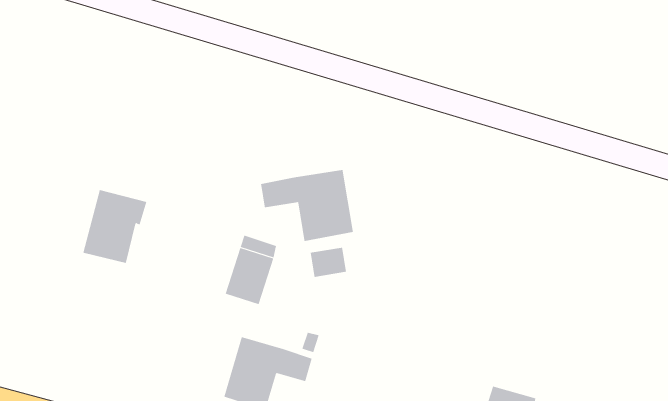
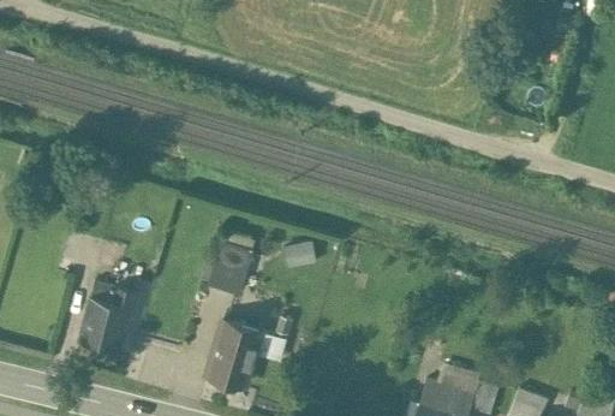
building: [261,169,354,242] -> none
building: [83,189,147,264] -> [79,284,136,349]

